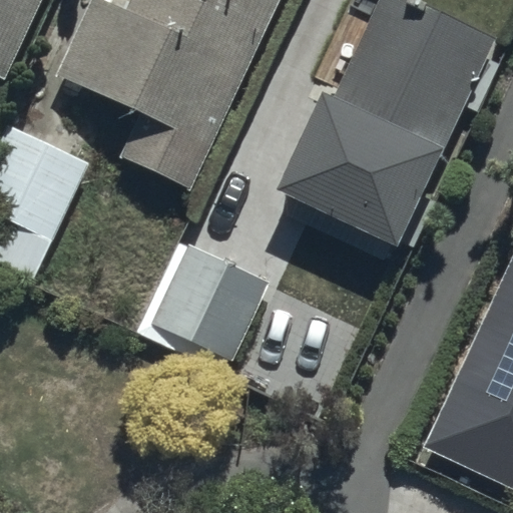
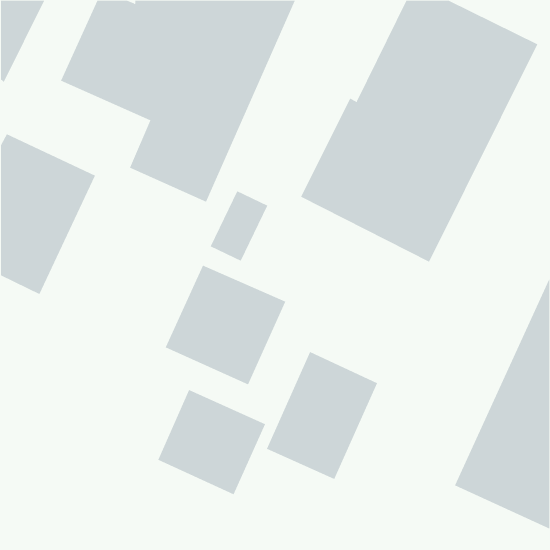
building: none -> [266,351,378,480]
building: none -> [158,389,266,495]

